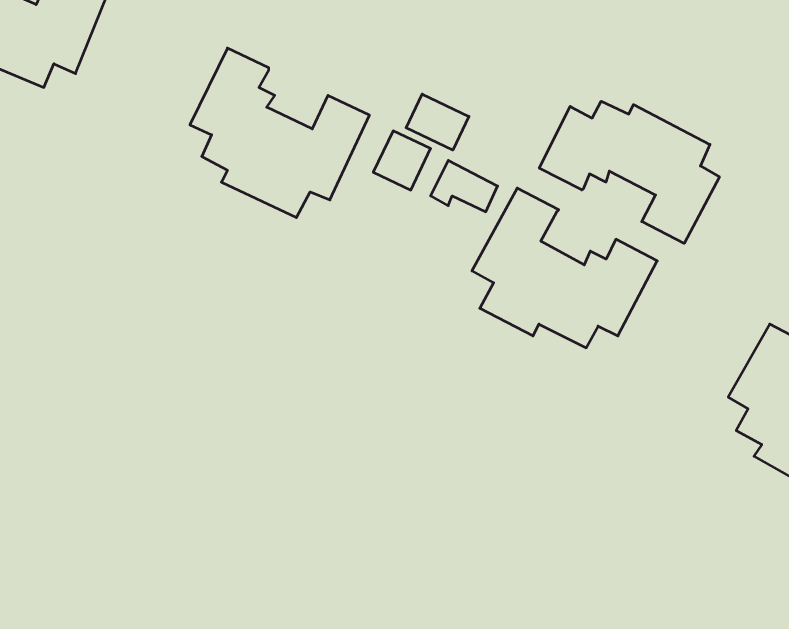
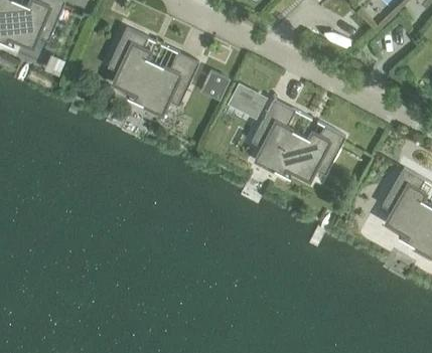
building: [406,94,469,150] -> none
building: [539,101,719,243] -> none

